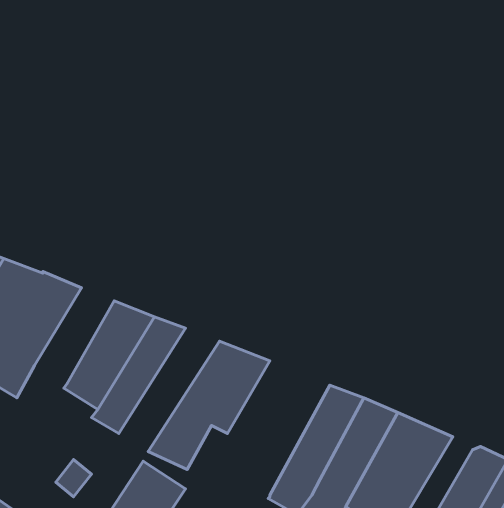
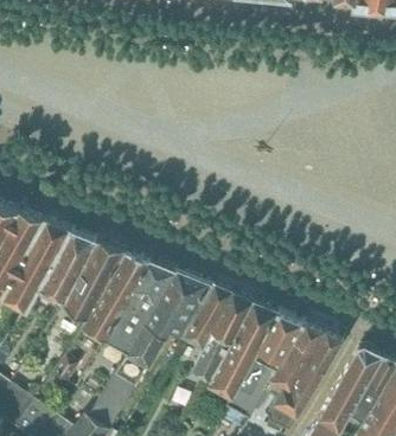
building: none -> [38,232,96,302]
building: none -> [100,262,173,352]
building: none -> [184,287,254,384]

